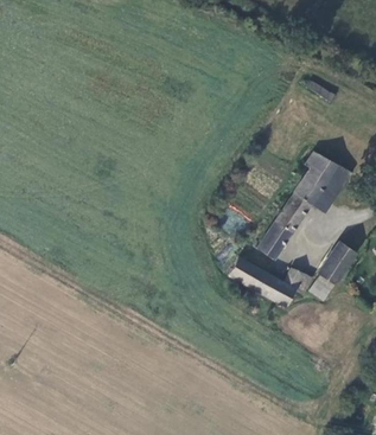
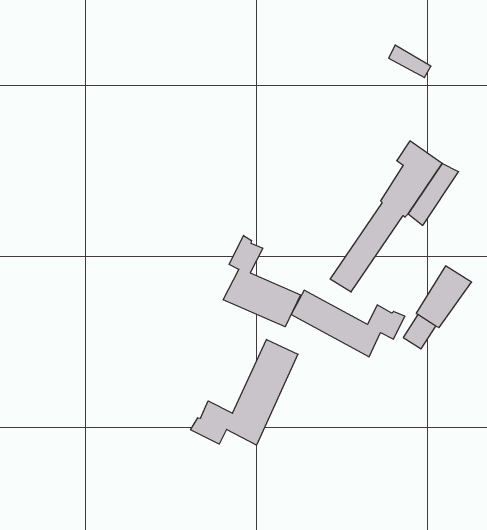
building: none -> [223,235,301,327]
building: none -> [191,339,298,445]

